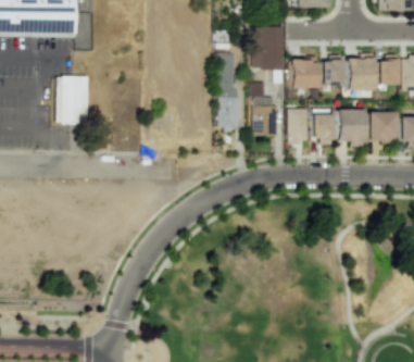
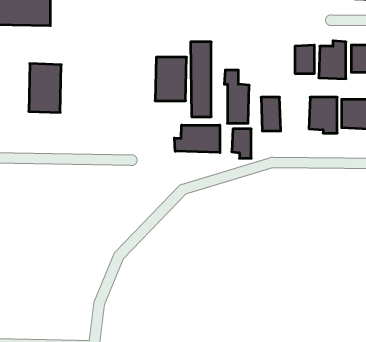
building: [254,25,286,68] -> [155,57,187,101]
building: [291,58,318,87] -> none
building: [313,114,333,143] -> [232,129,251,158]
building: none -> [174,125,220,153]

